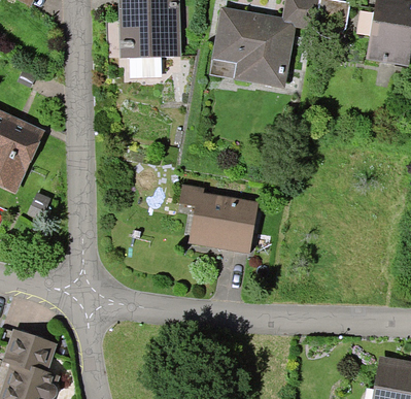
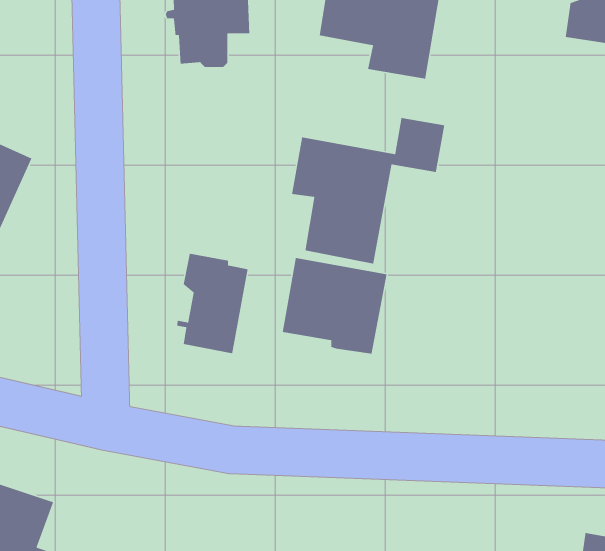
building: none -> [291,117,445,264]
building: none -> [176,253,248,354]

